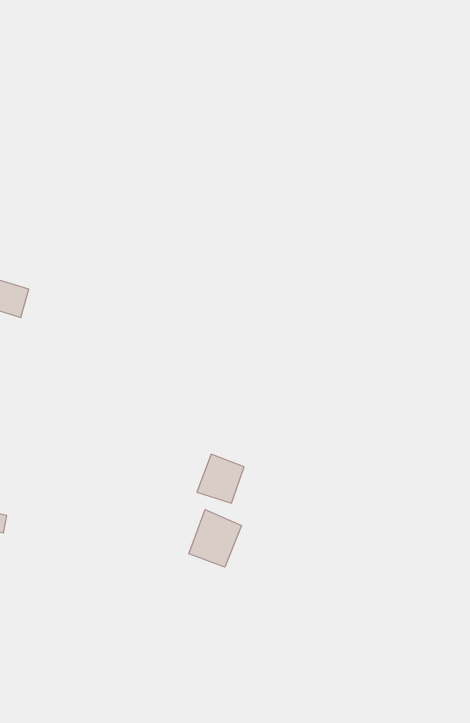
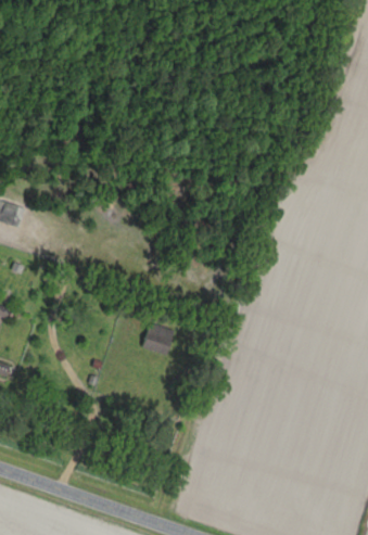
building: [189,510,241,567] -> none

